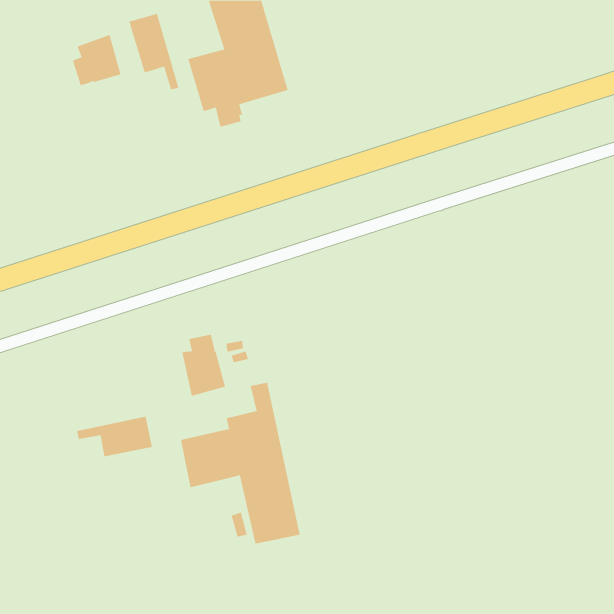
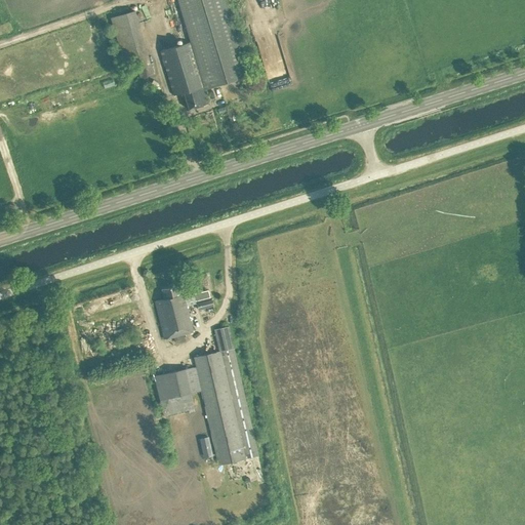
building: [72,34,121,86] -> none
building: [77,416,153,457] -> none

